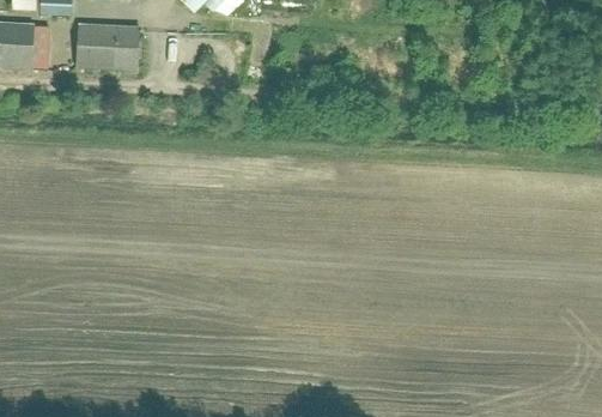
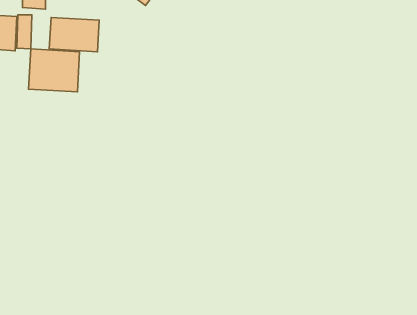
building: none -> [29,49,80,92]

